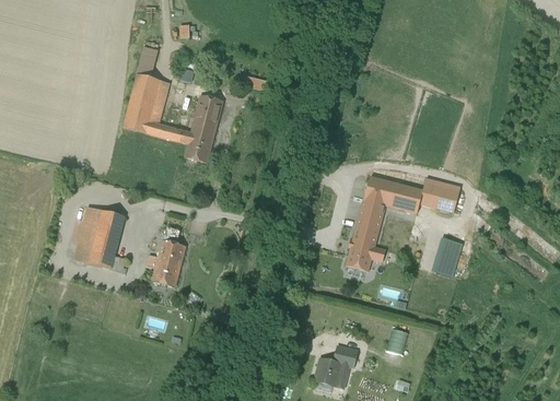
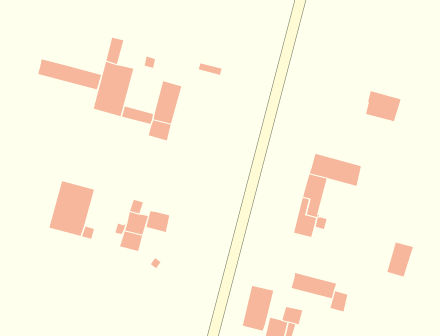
building: none -> [37,58,102,90]
building: [420,177,460,212] -> [365,90,401,122]
building: [432,237,463,276] -> [386,242,414,277]
building: none -> [146,211,170,233]
building: none -> [291,272,337,299]
building: none -> [242,285,274,332]

